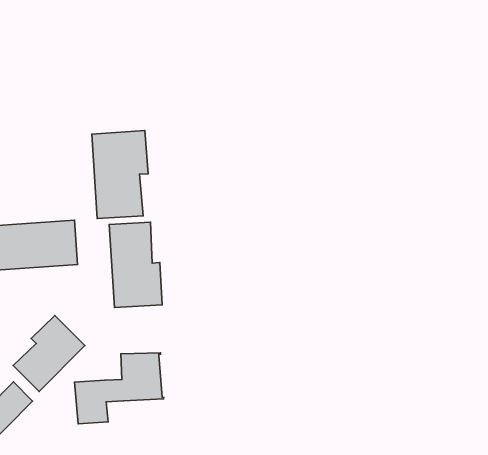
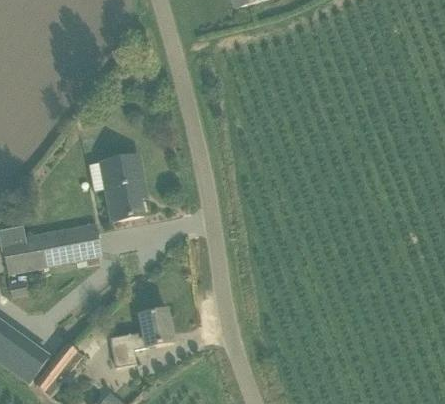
building: [109,222,162,308] -> none
building: [13,315,85,392] -> none

